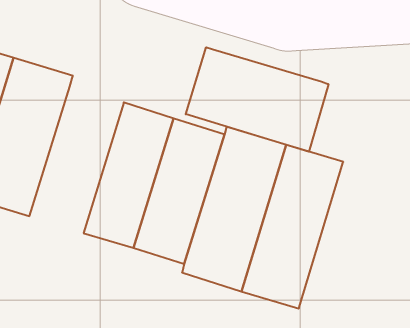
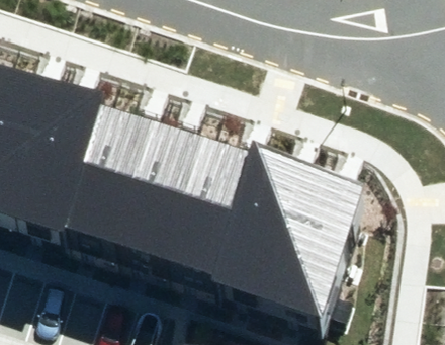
building: [186,47,328,152] -> none
building: none -> [63,106,153,246]

